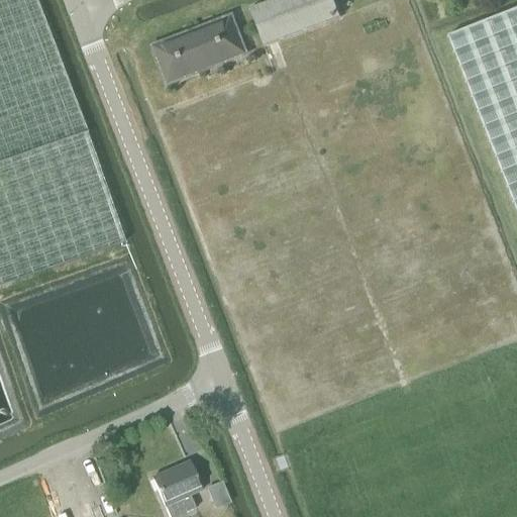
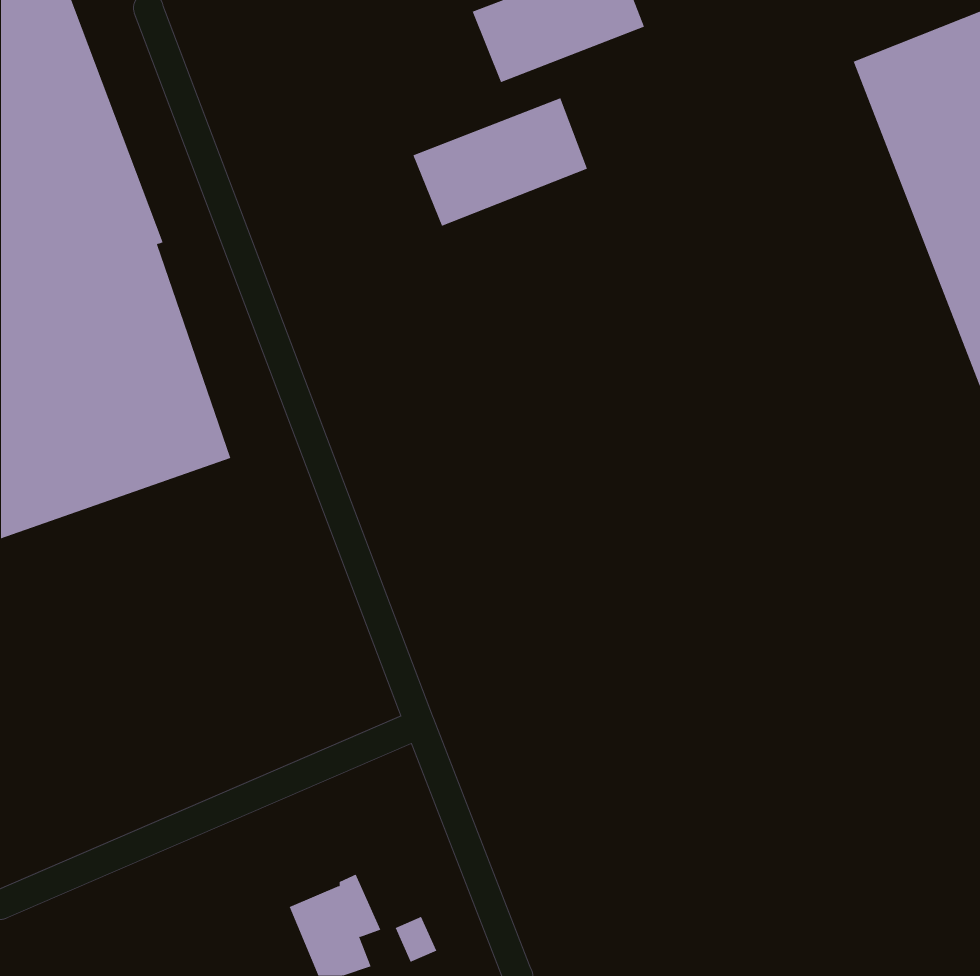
building: [153,13,245,81] -> [412,98,588,226]

